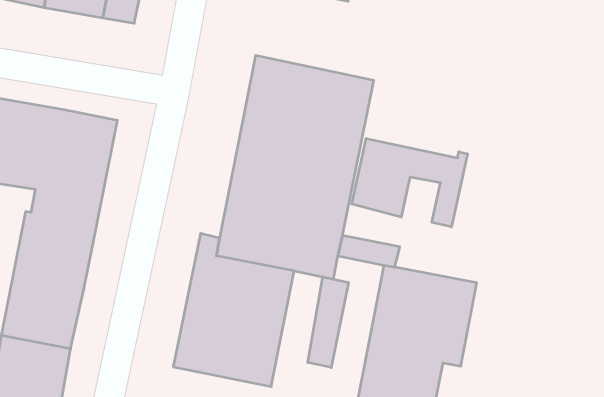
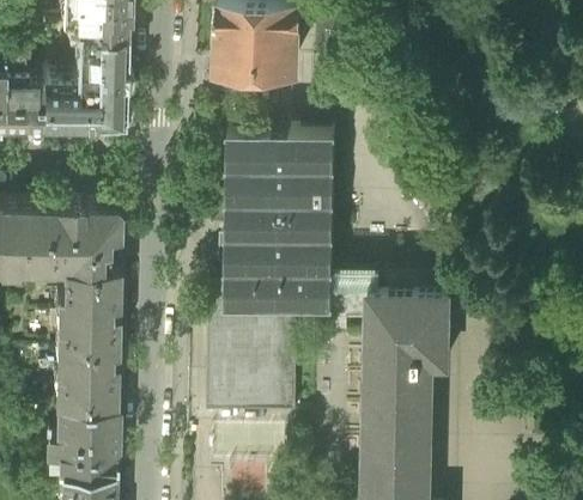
building: [352,138,467,227] -> none
building: [308,277,348,368] -> none

